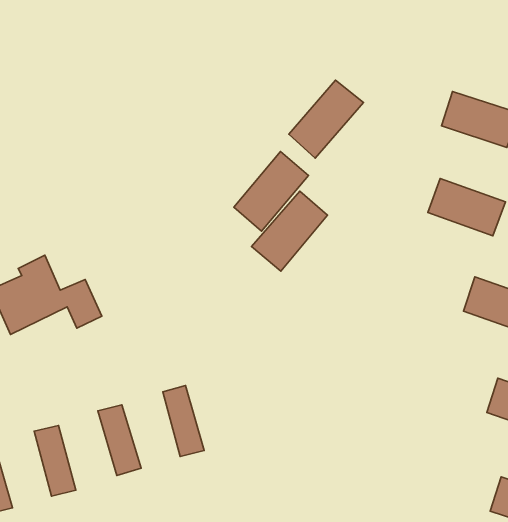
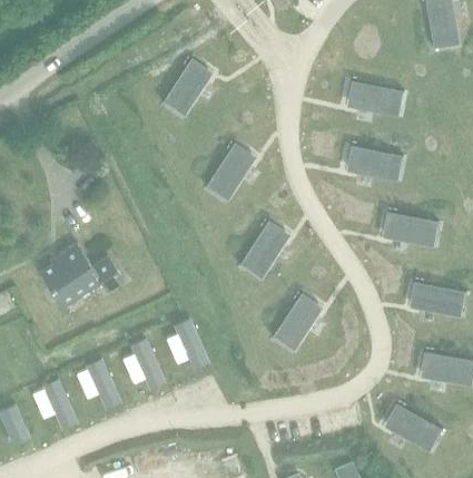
building: [289,80,363,158] -> [162,58,213,116]
building: [252,191,328,271] -> [238,221,289,280]
building: none -> [272,294,323,352]

